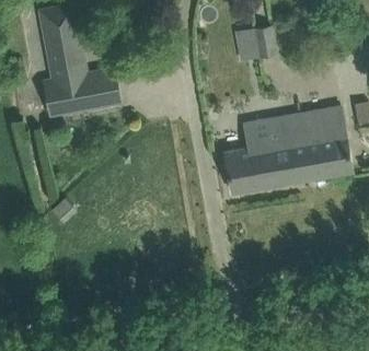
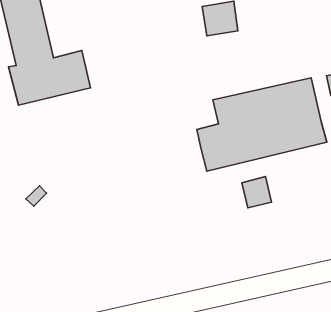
building: none -> [242,176,272,208]

